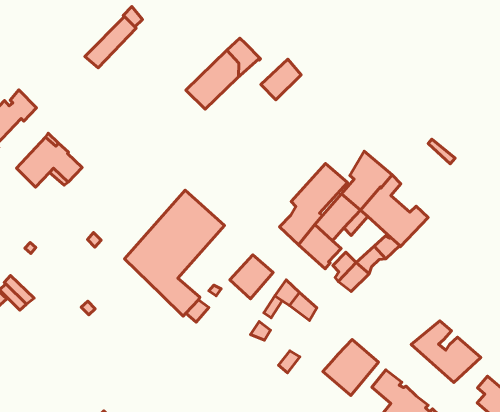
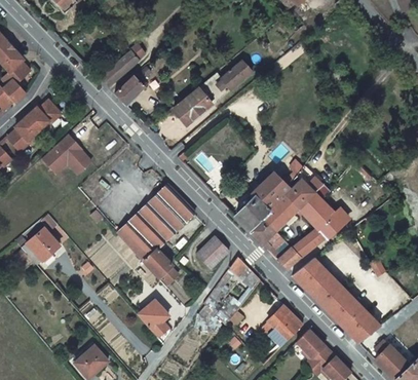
building: none -> [115,75,144,105]
building: [261,59,301,100] -> [221,60,252,89]
building: none -> [32,228,60,257]
building: none -> [292,258,351,312]
building: none -> [139,300,172,343]

